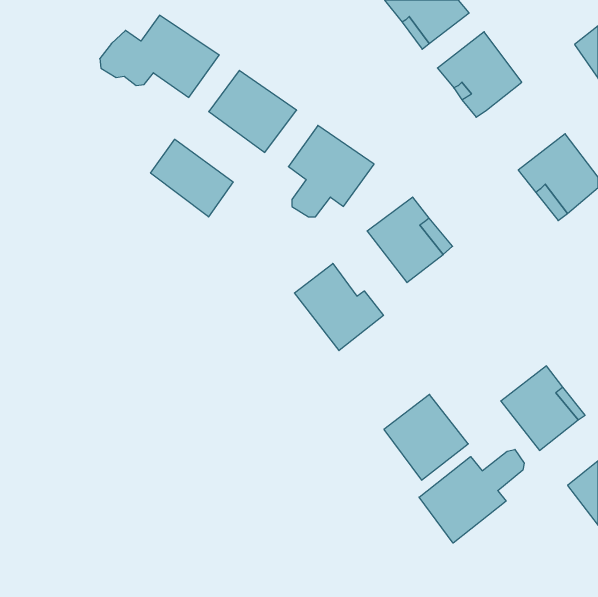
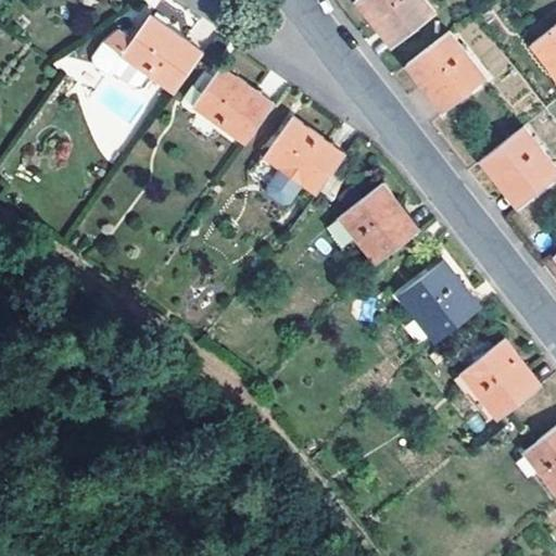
building: [151,139,233,217] -> none
building: [294,263,383,351] -> none
building: [384,394,468,480] -> [402,262,480,341]
building: [419,449,524,543] -> none

